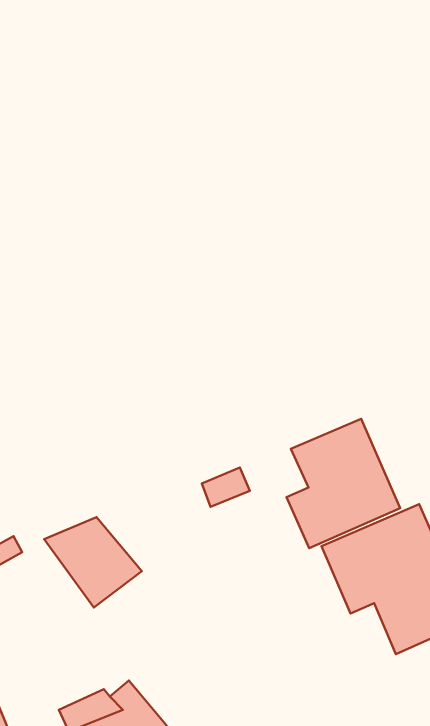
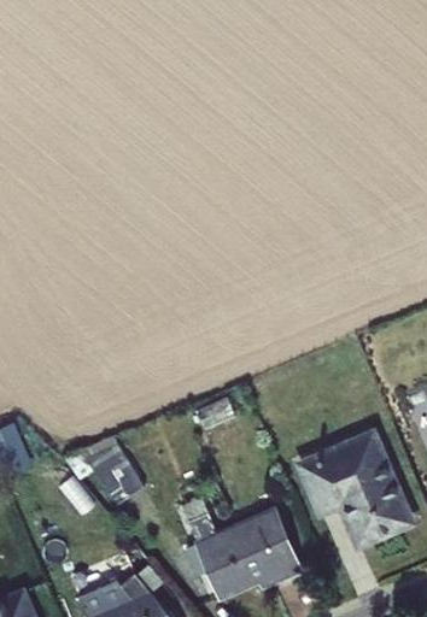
building: [286,419,400,548] -> none
building: none -> [194,507,303,600]

